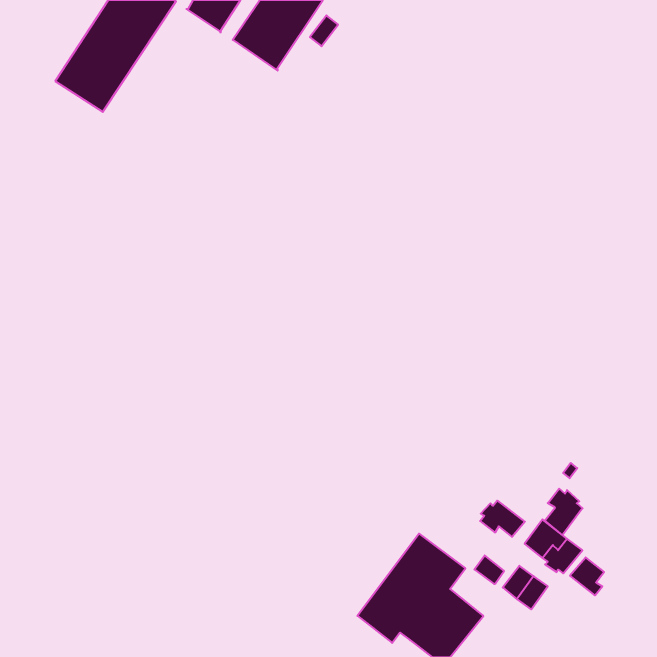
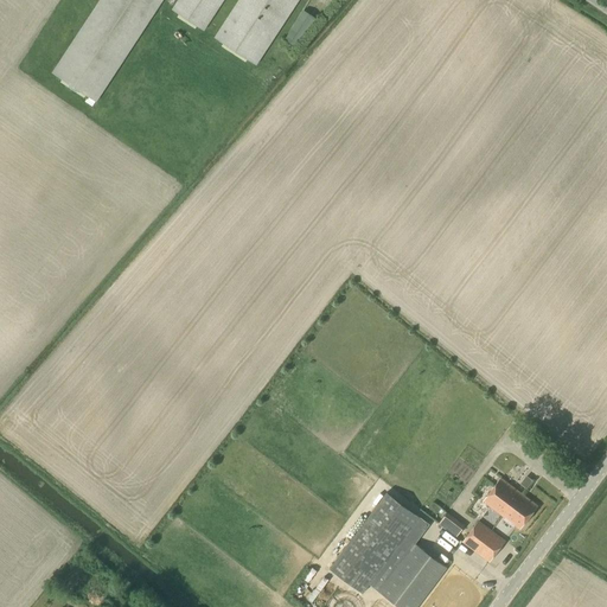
building: [545,489,583,535] -> none
building: [480,501,525,537] -> none
building: [570,557,604,595] -> none

